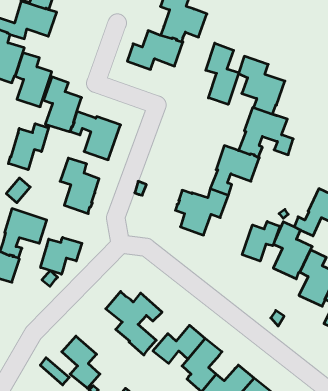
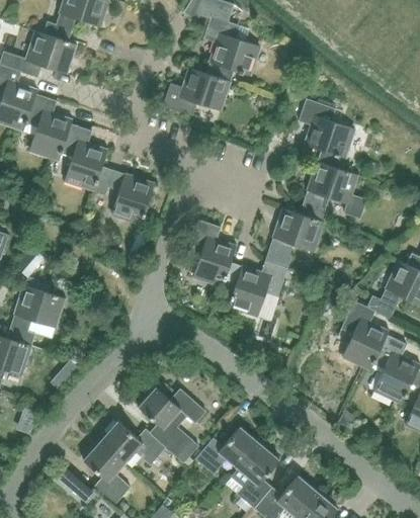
building: [206,43,239,104] -> none
building: [8,124,49,170] -> none
building: [60,158,99,214] -> [187,220,235,287]
building: [242,221,280,261] -> none
building: [41,237,82,274] -> none
building: none -> [100,420,166,464]

